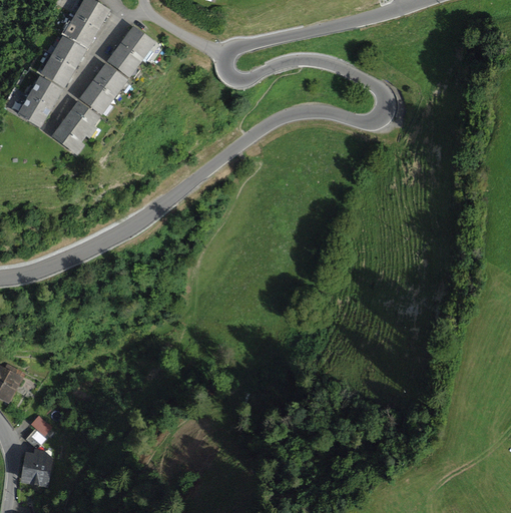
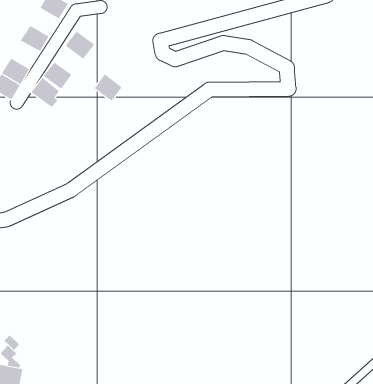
building: [63,14,98,47] -> none
building: [119,24,155,59] -> none
building: [39,54,75,87] -> none
building: [92,62,127,96] -> [94,74,122,101]
building: [49,117,86,155] -> none

